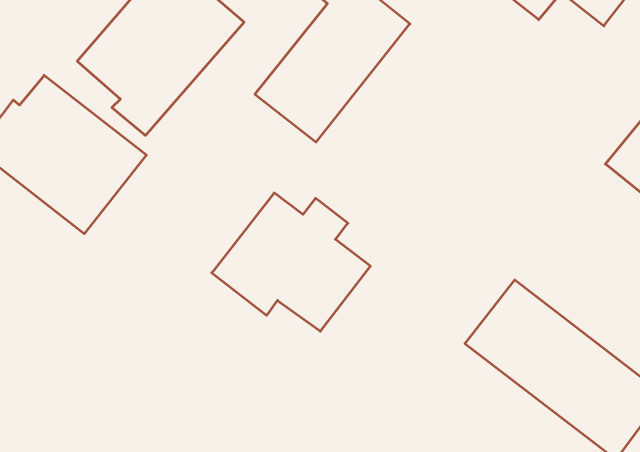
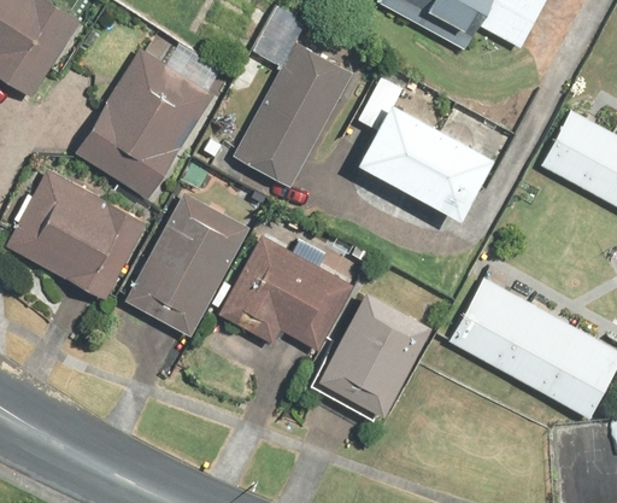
building: none -> [354,74,498,220]
building: none -> [125,192,247,334]
building: none -> [308,287,428,421]

